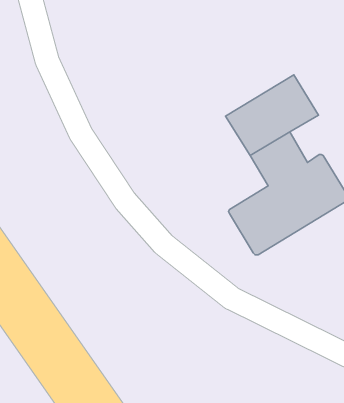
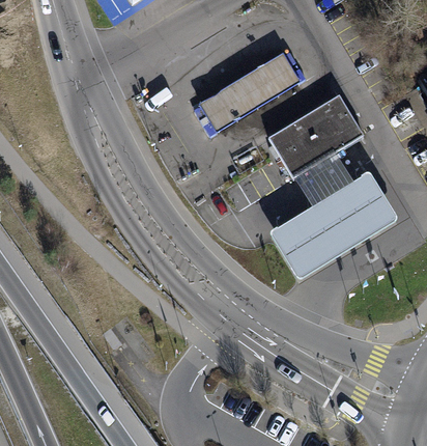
building: none -> [200,50,300,127]

